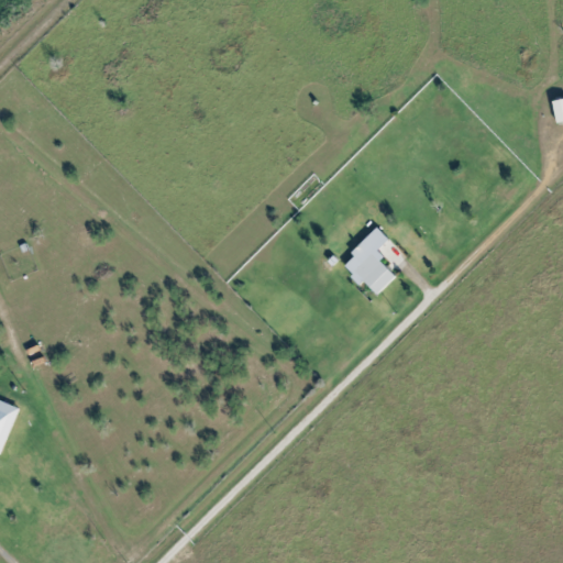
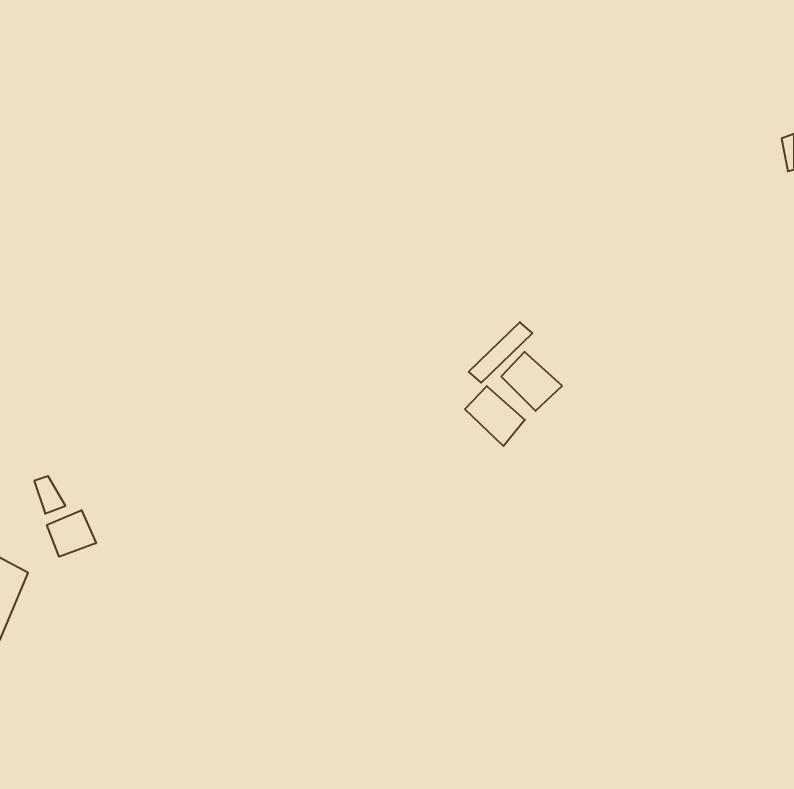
building: none -> [465,386,525,446]
building: none -> [47,510,96,557]

